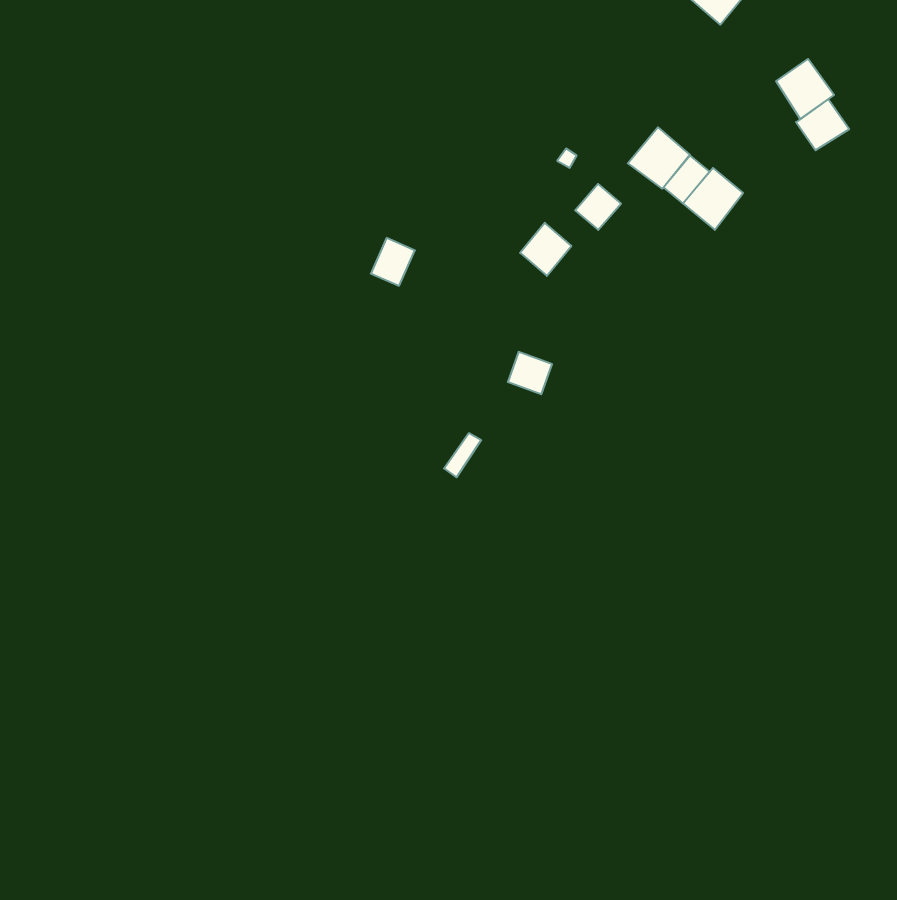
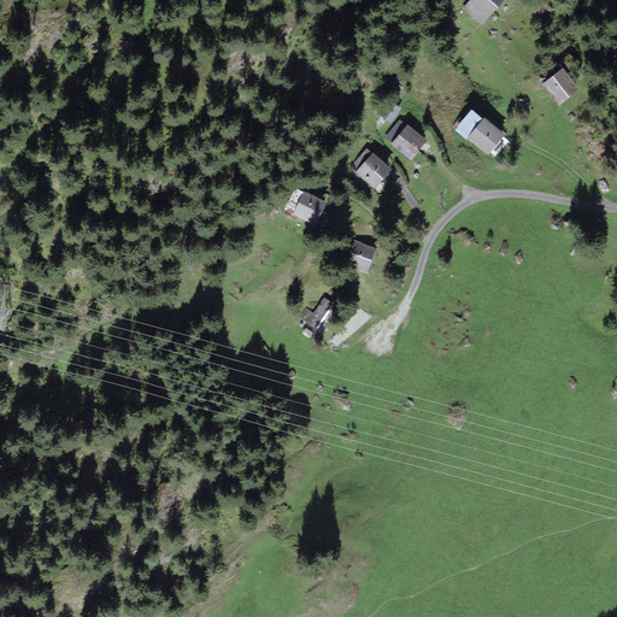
building: [776,59,834,119] -> none
building: [628,127,690,189] -> none
building: [371,238,415,286] -> [296,190,327,223]

